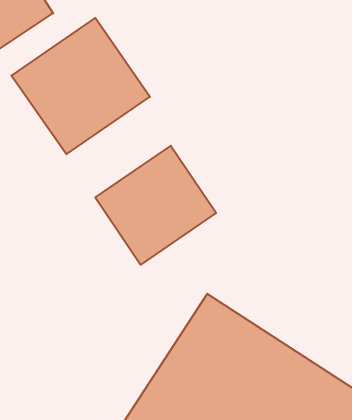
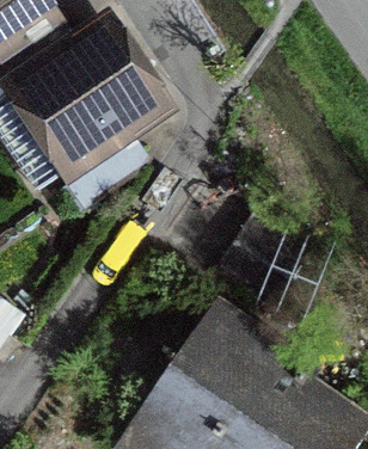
building: [95,146,216,265] -> none

